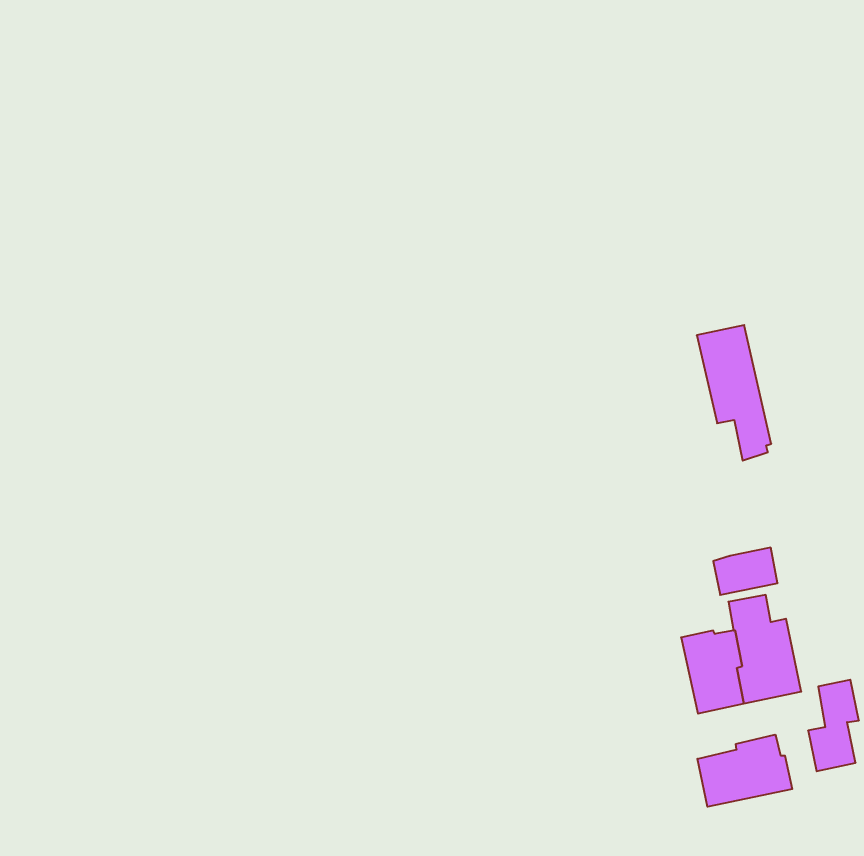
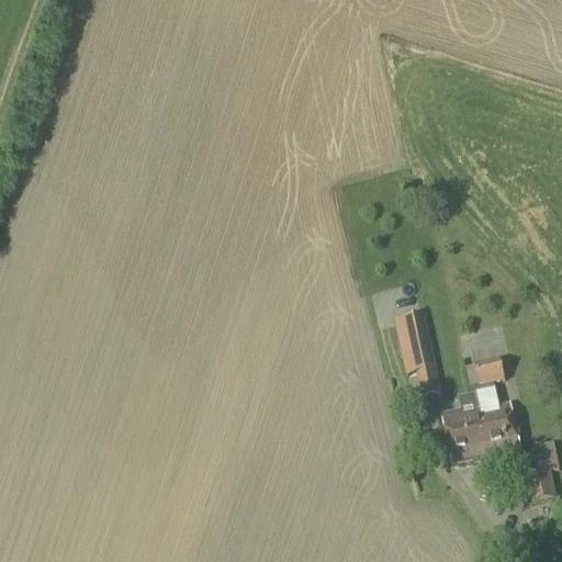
building: [697,325,771,461] -> [392,310,440,397]
building: [697,735,792,807] -> none

